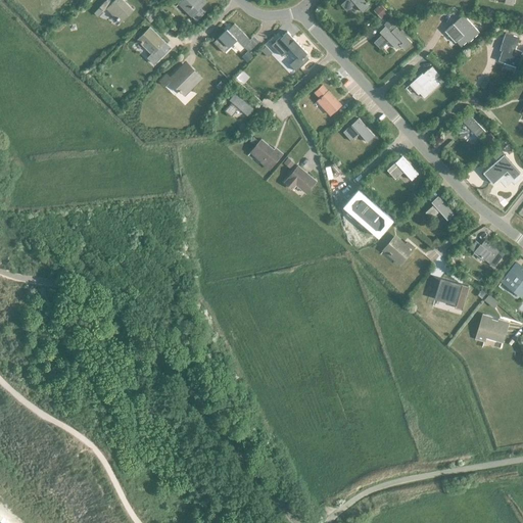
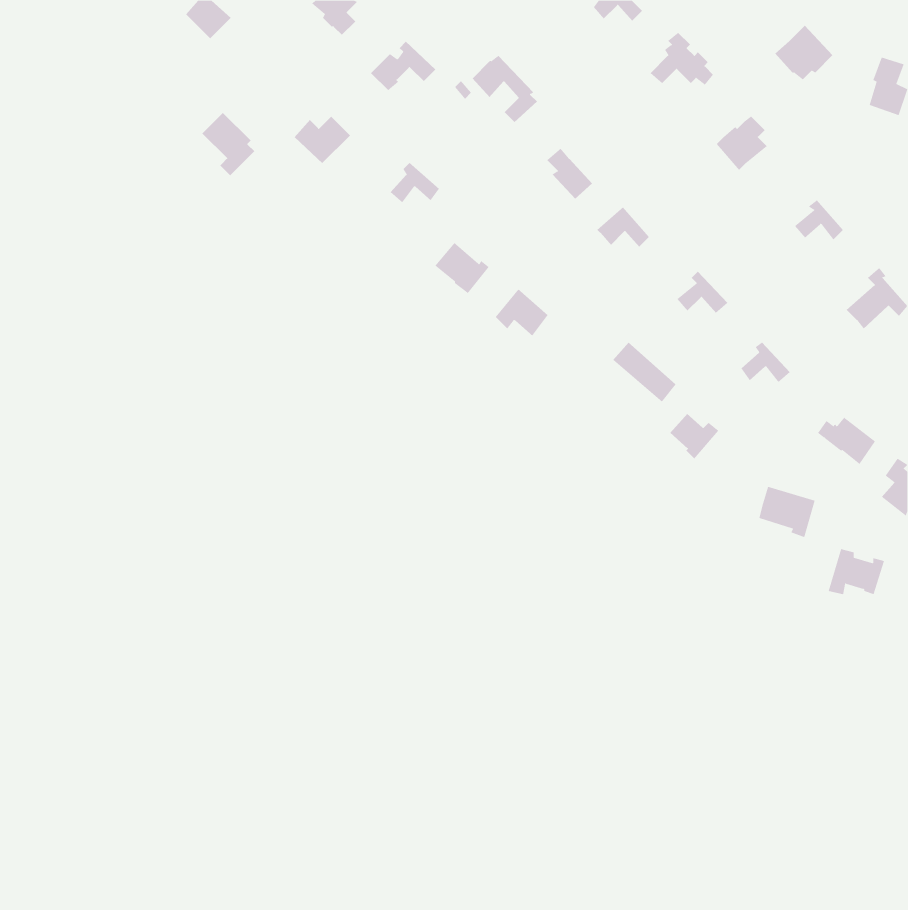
building: [137,28,168,64] -> [202,112,255,176]

